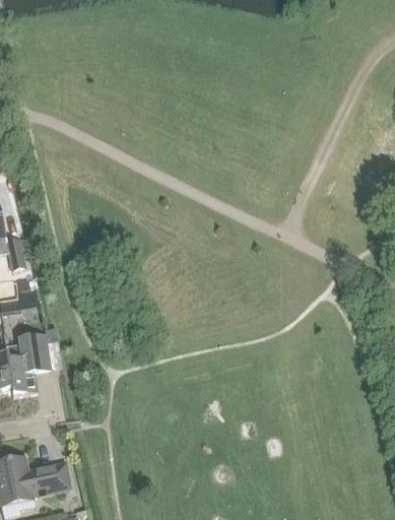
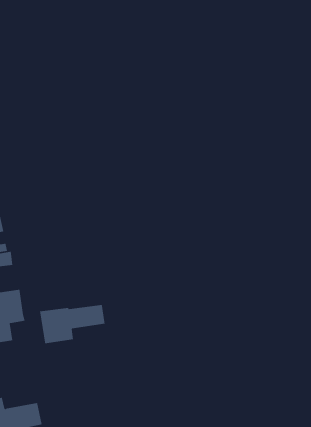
building: none -> [40,304,105,344]

